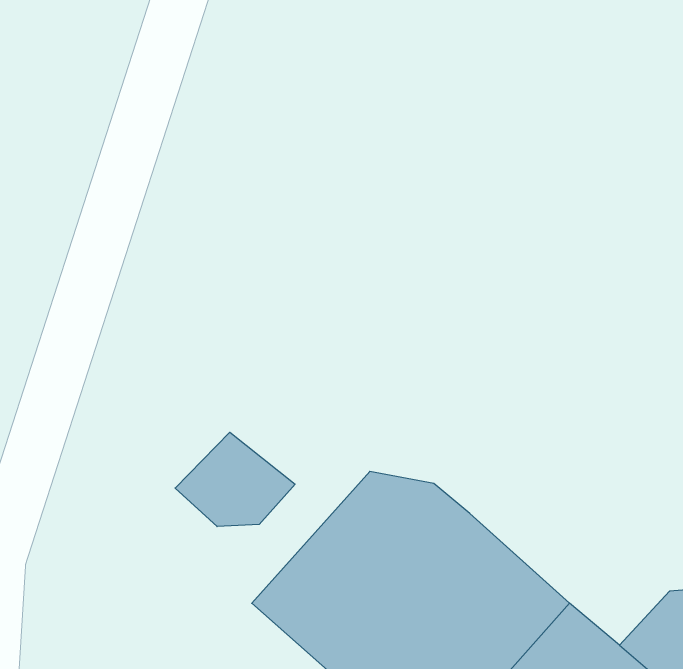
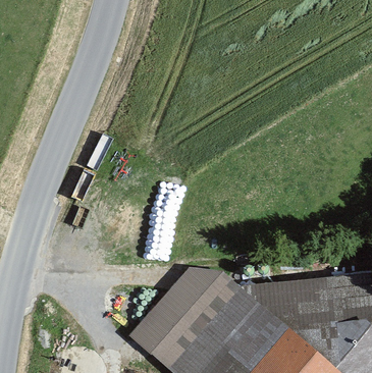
building: [175,432,295,527] -> none
building: none -> [243,281,344,355]

